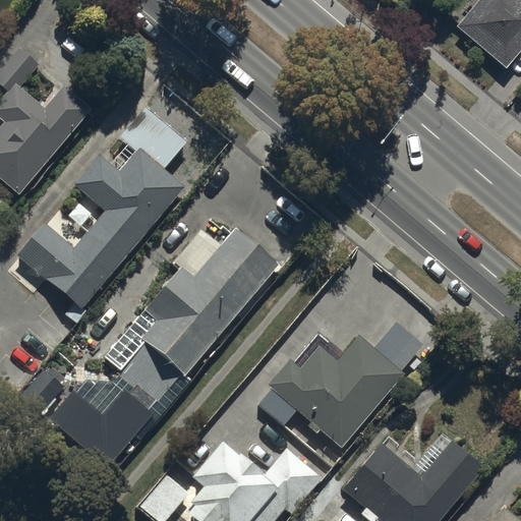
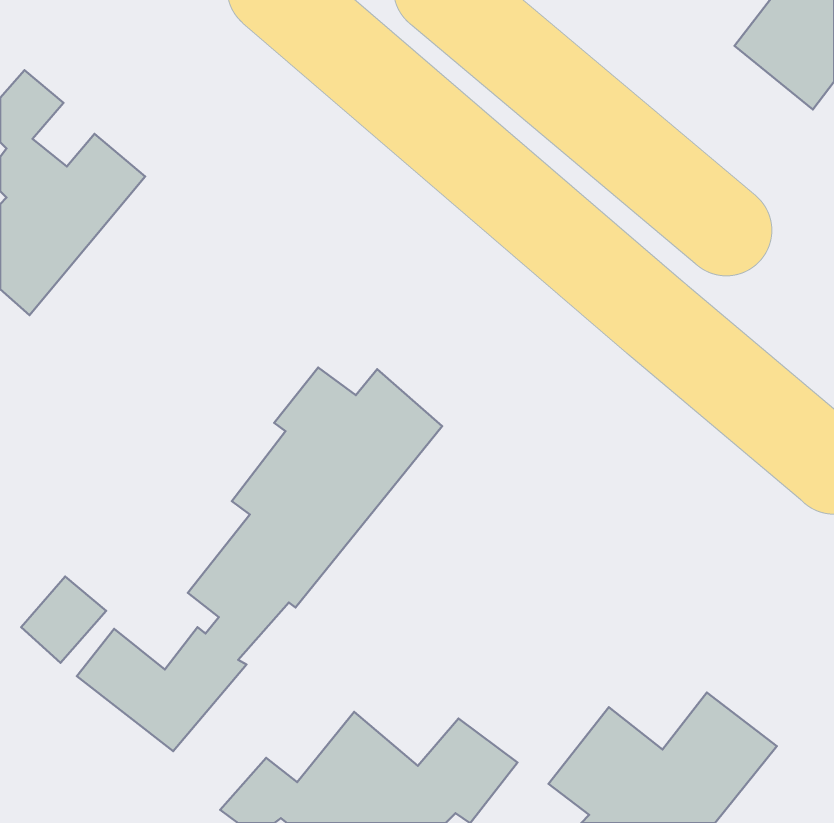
building: [14,105,186,321] -> none
building: [255,319,423,448] -> none

